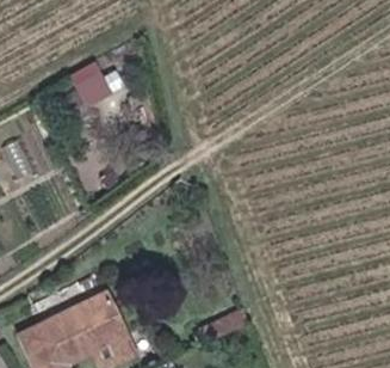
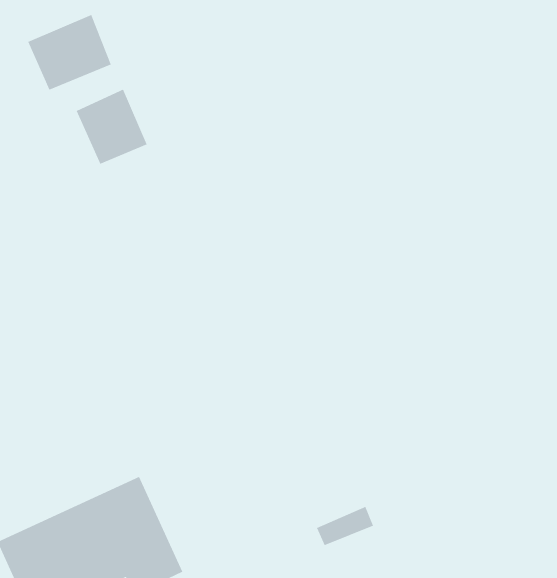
building: none -> [27,14,111,91]

